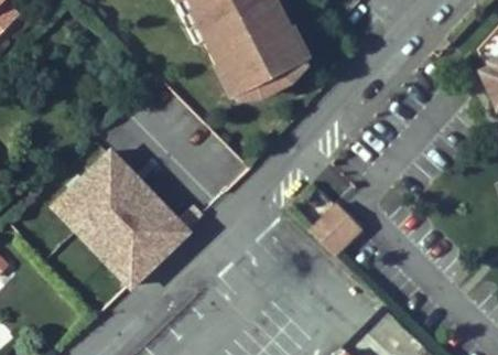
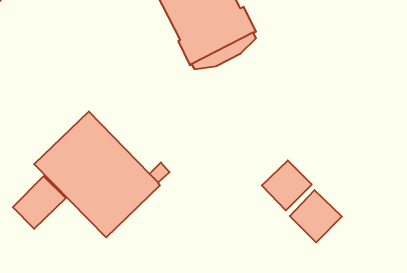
building: none -> [13,176,66,229]
building: none -> [290,190,342,242]

